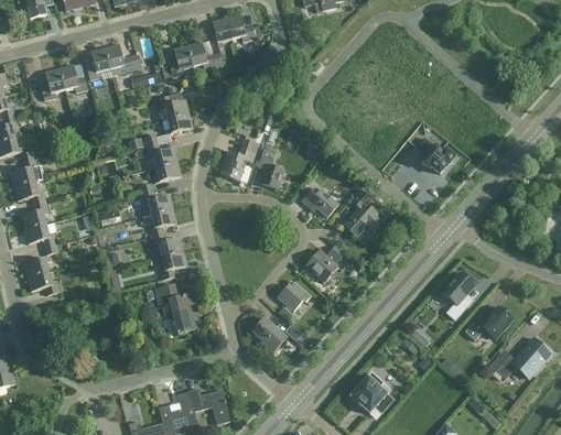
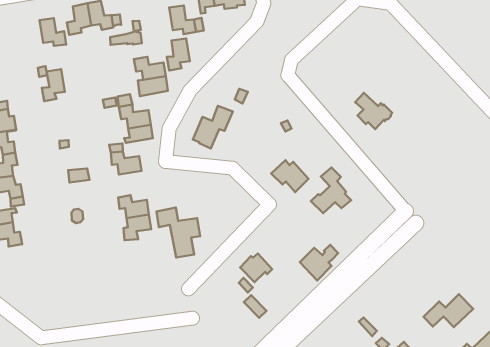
building: [169,44,192,77] -> [167,39,190,70]
building: [41,67,64,100] -> [42,69,65,101]
building: [417,138,454,173] -> [355,93,392,129]
building: [257,146,282,188] -> none
building: [148,208,176,237] -> none
building: [305,244,343,281] -> [300,245,338,280]
building: [441,271,474,319] -> none
building: [154,283,199,333] -> [157,207,200,257]
building: [252,316,287,351] -> none

